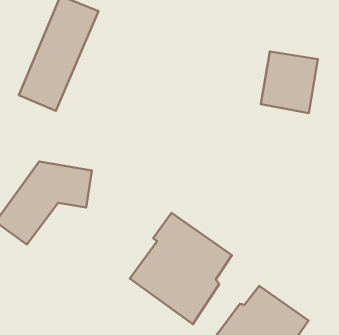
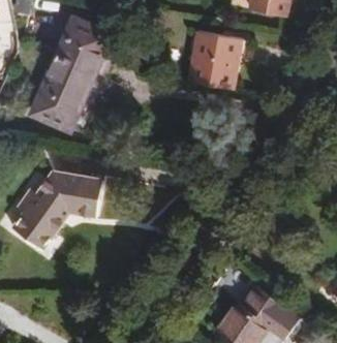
building: [261,51,318,113] -> [188,33,241,90]
building: [130,213,232,324] -> none

